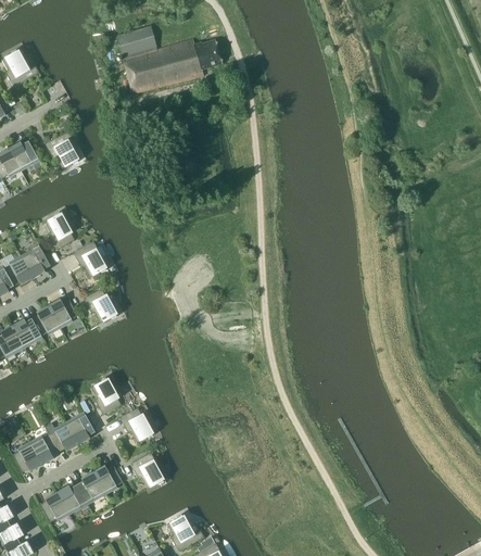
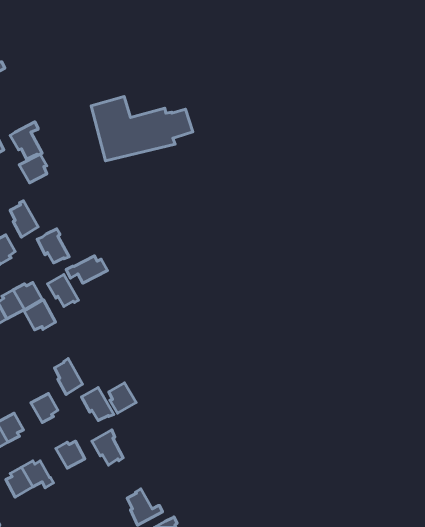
building: [117,25,224,92] -> [91,97,193,161]
building: none -> [19,154,47,183]
building: none -> [66,256,108,283]
building: none -> [24,300,56,330]
building: none -> [109,383,136,413]
building: [46,421,79,451] -> none
building: [77,470,105,501] -> none

